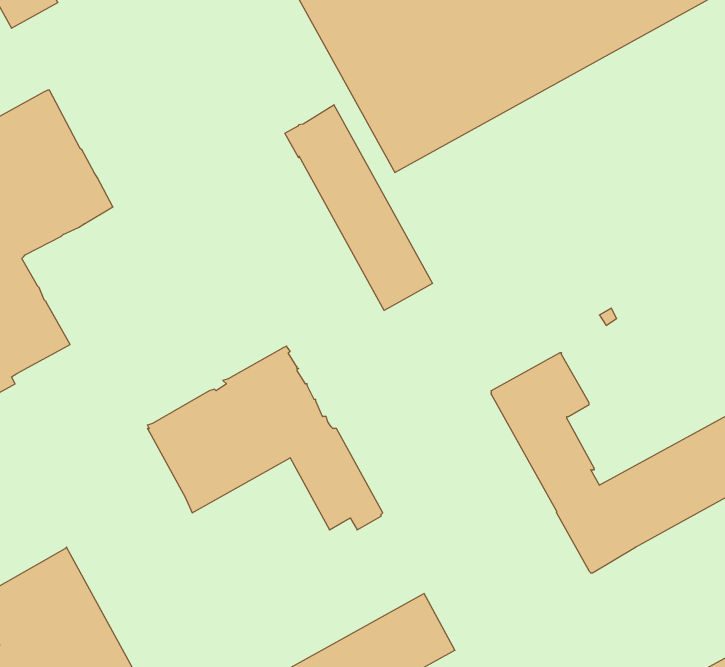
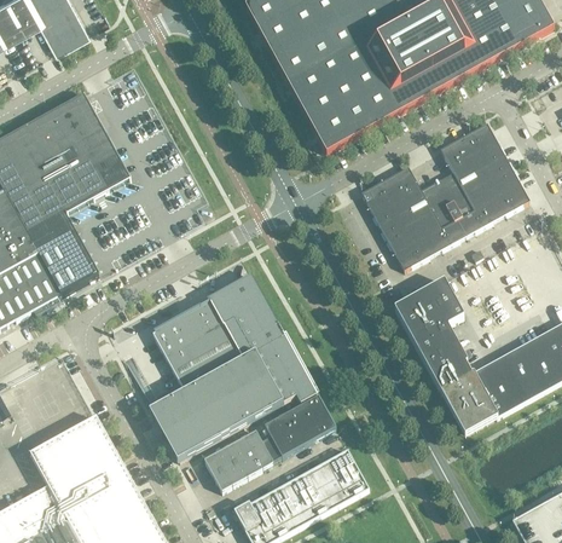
building: [285,105,432,310] -> none
building: none -> [360,122,529,270]
building: none -> [145,353,283,461]
building: none -> [204,397,335,491]

